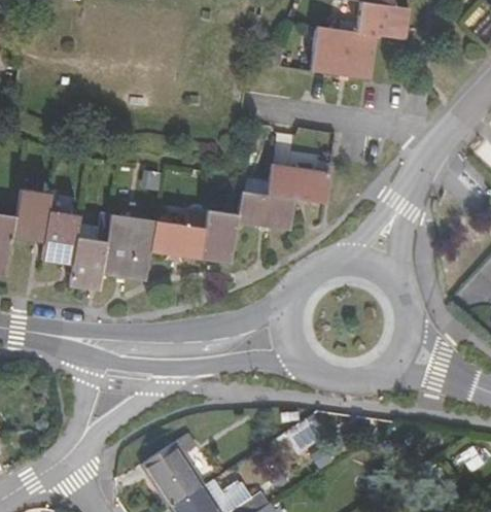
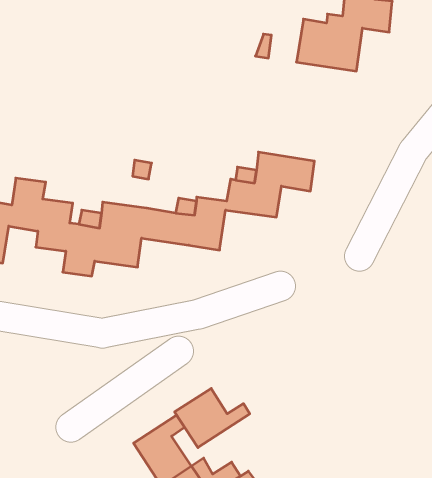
building: none -> [175,388,250,448]

